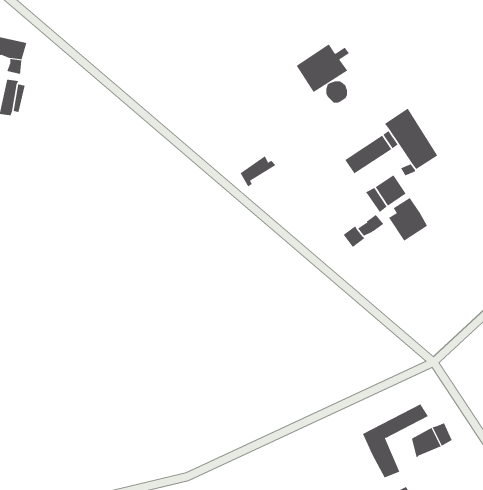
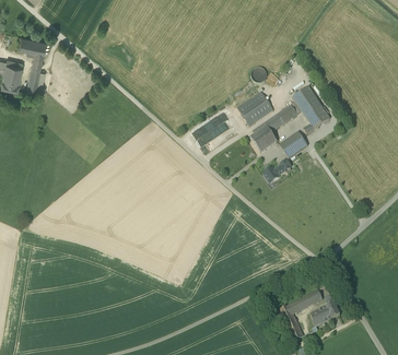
building: [296,44,350,93] -> [237,92,274,126]
building: [388,197,428,242] -> [249,122,277,153]

